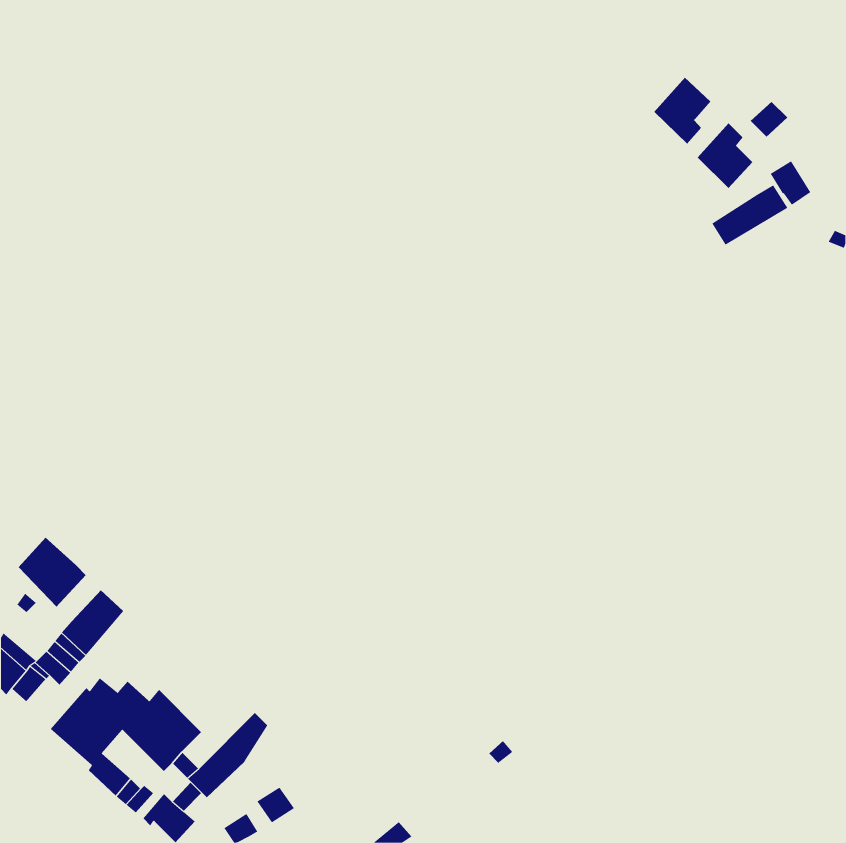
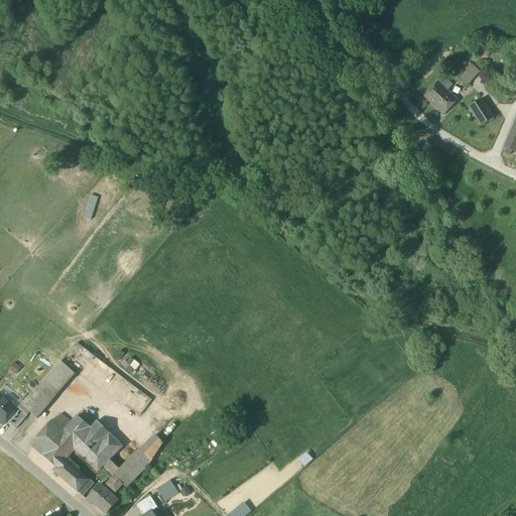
building: [654,77,711,145] -> none
building: [712,184,788,245] -> none
building: [18,537,86,608] -> none

